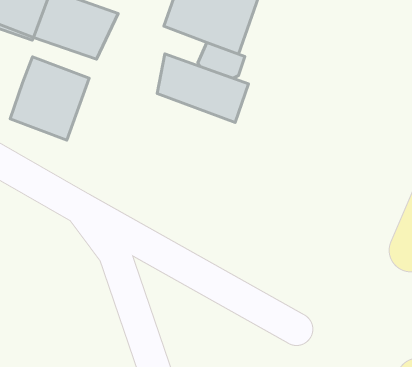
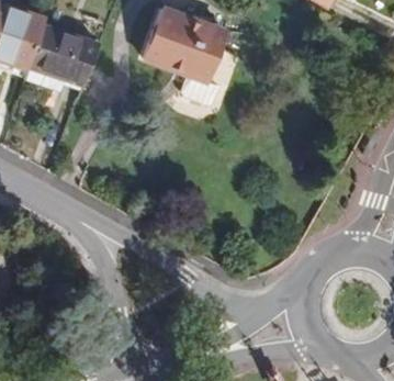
building: [157,54,248,122] -> none
building: [10,57,89,140] -> none

